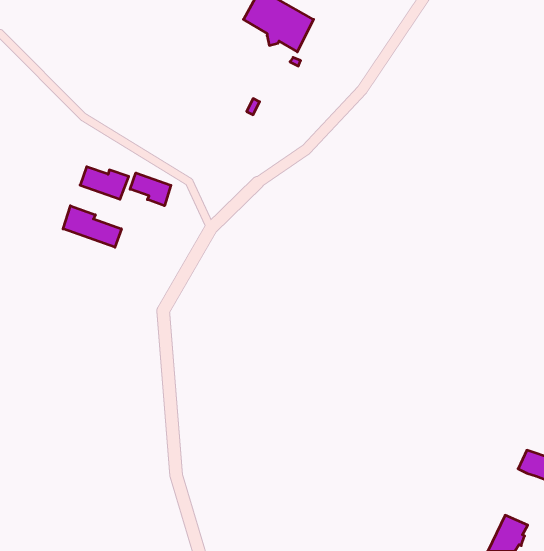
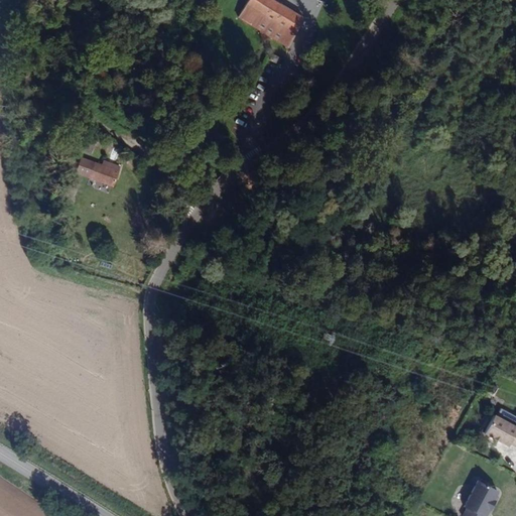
building: [130,173,171,206] -> none
building: [63,206,121,247] -> none

